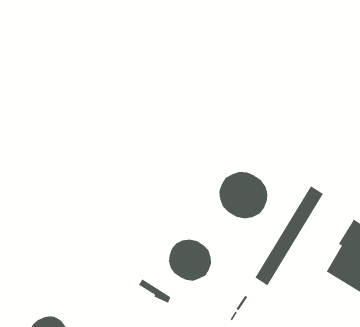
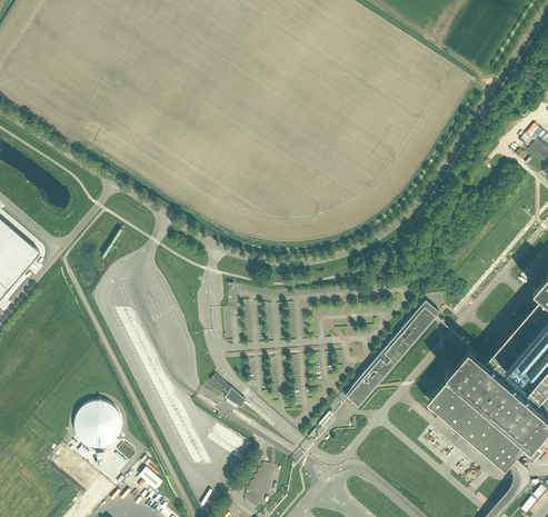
building: [219,171,268,219] -> none
building: [168,239,212,281] -> none

